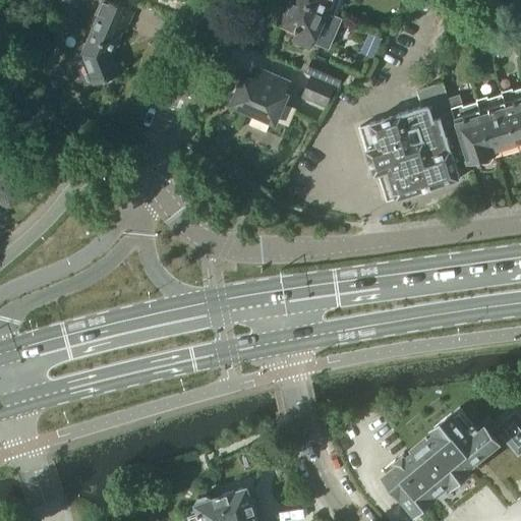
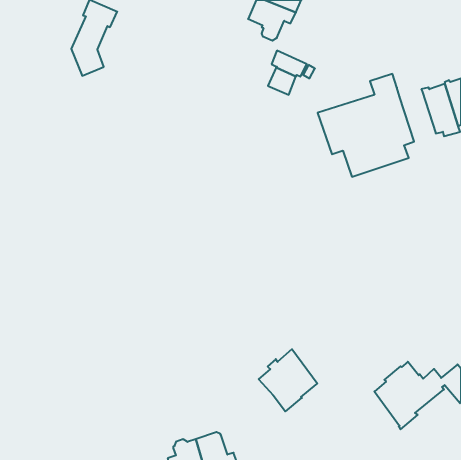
building: [233,70,290,132] -> none
building: [448,96,493,166] -> none
building: [385,443,451,513] -> [259,349,317,411]

